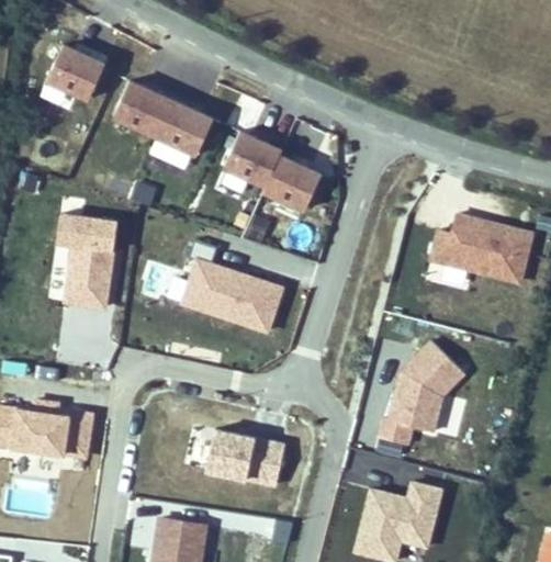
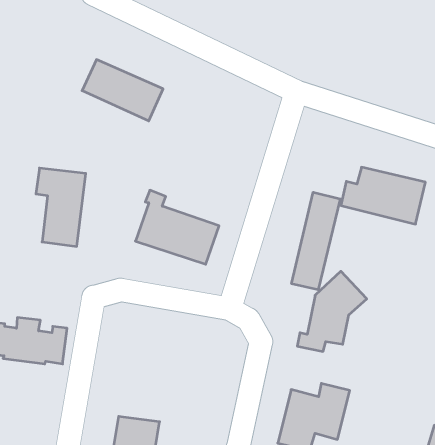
building: [45,46,103,101] -> none
building: [226,133,322,209] -> none
building: none -> [292,192,340,290]
building: [187,429,284,479] -> none

